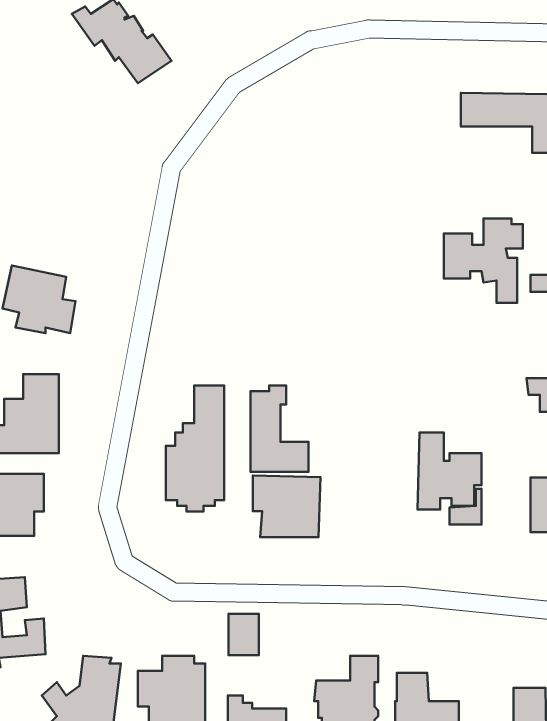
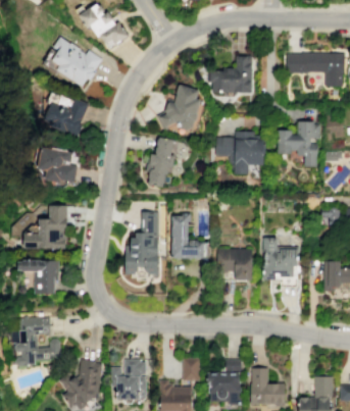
building: none -> [43,37,101,88]
building: none -> [209,55,251,92]
building: none -> [158,85,200,131]
building: none -> [42,99,88,139]
building: none -> [217,133,263,174]
building: none -> [149,138,176,187]
building: [253,475,320,537] -> [216,248,253,281]
building: [229,614,259,655] -> [183,358,199,380]

